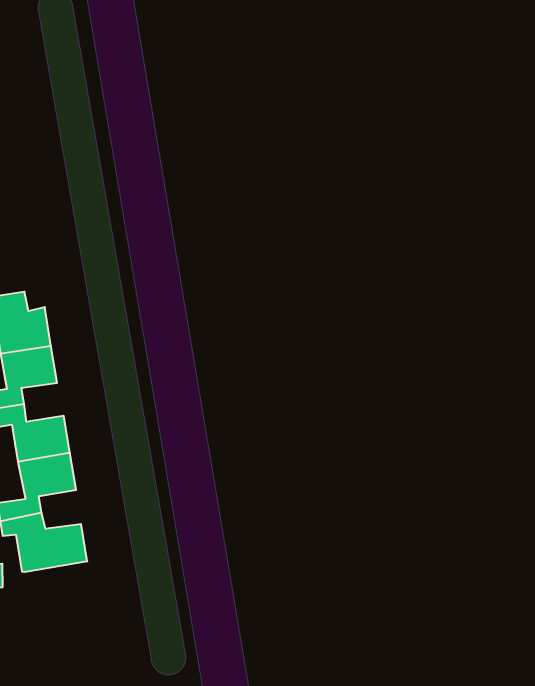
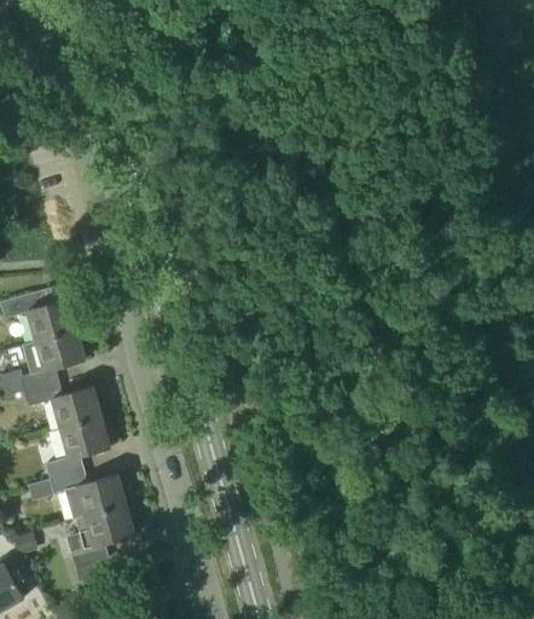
building: none -> [65,505,134,566]

